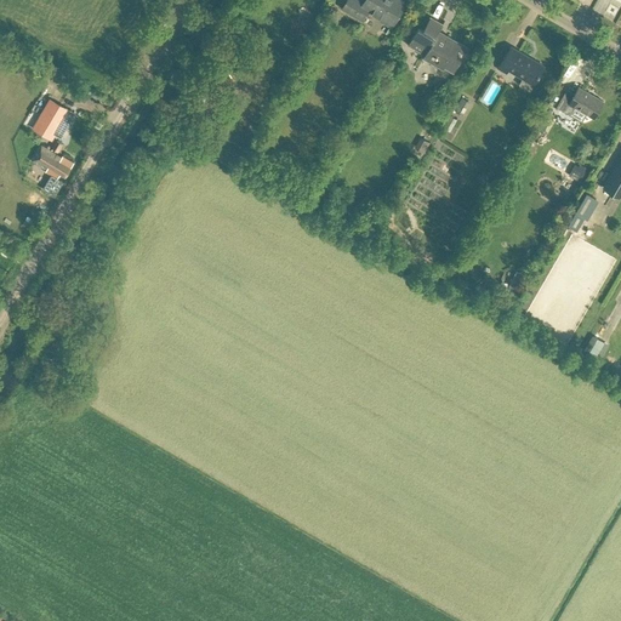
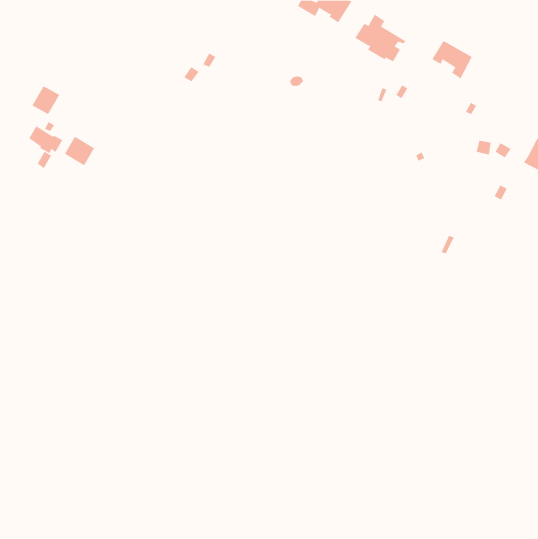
building: [558,86,604,121] -> none
building: none -> [64,136,95,166]

